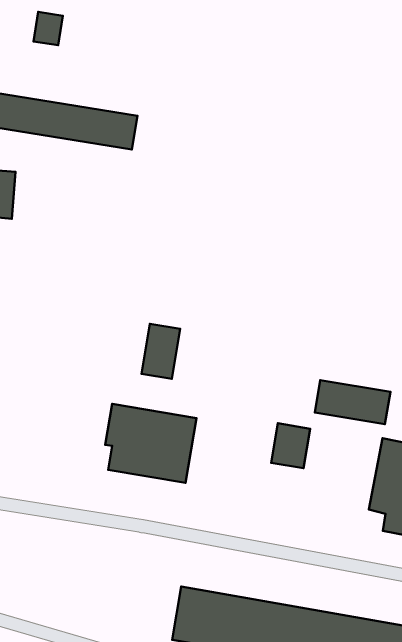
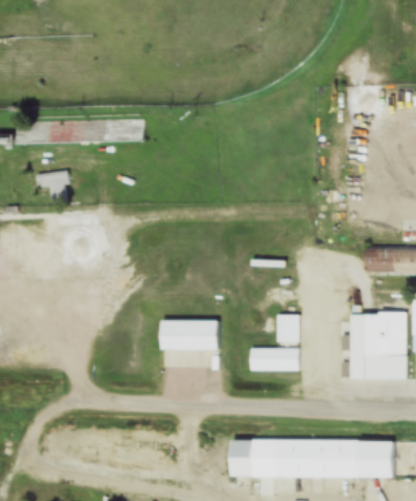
building: [33,12,63,45] -> none
building: [141,324,180,379] -> none
building: [315,380,390,424] -> [250,347,300,370]

